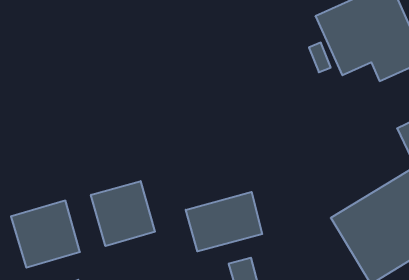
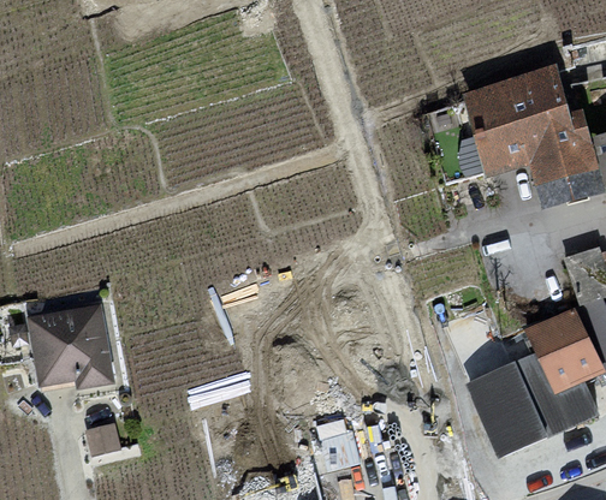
building: [91,181,155,246] -> none
building: [186,192,262,251] -> none

